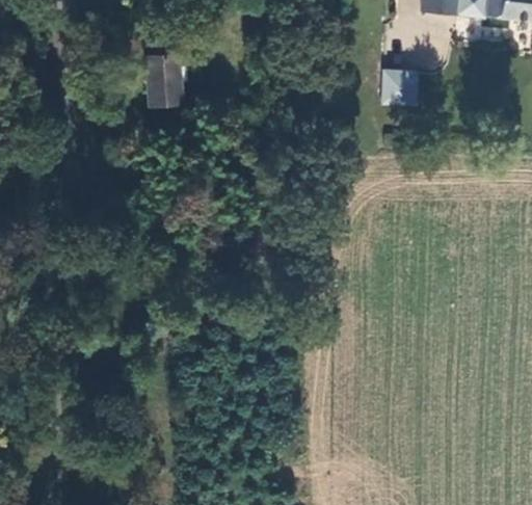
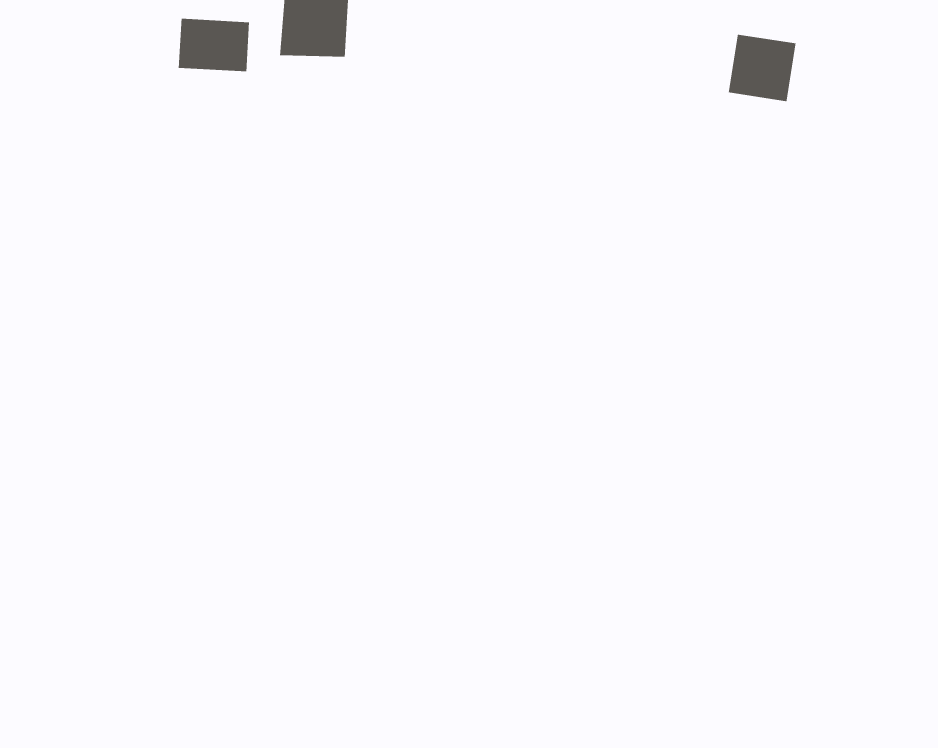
building: none -> [178,18,250,72]

